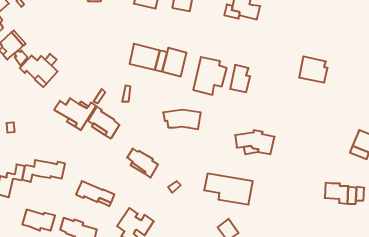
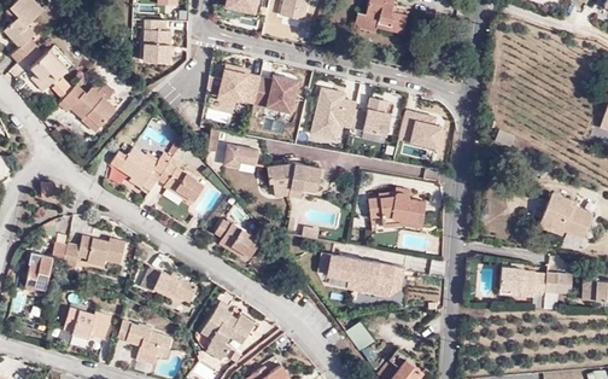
building: none -> [144,21,173,64]
building: [299,56,328,82] -> [399,110,440,147]
building: none -> [224,145,261,167]

